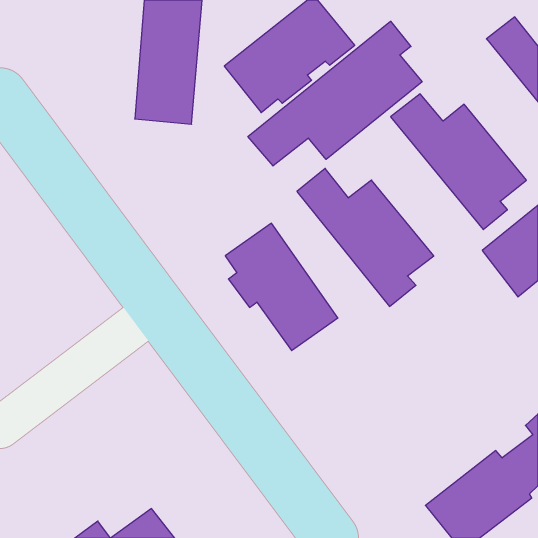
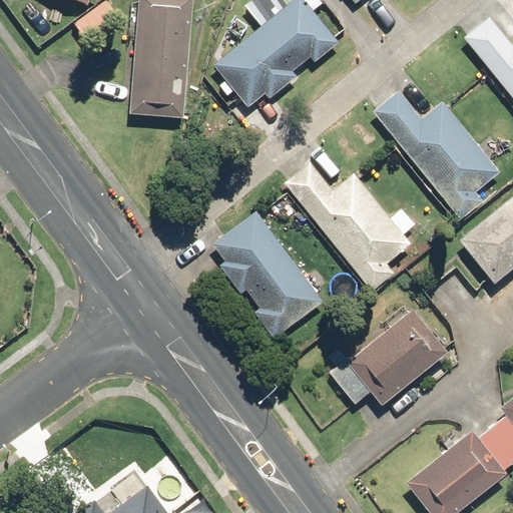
building: [248,21,422,166] -> none
building: none -> [347,309,448,405]

